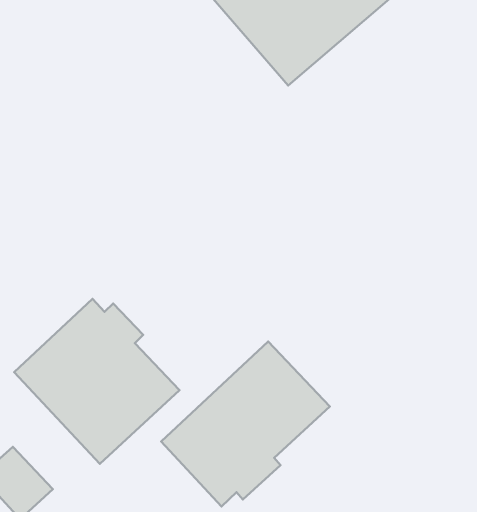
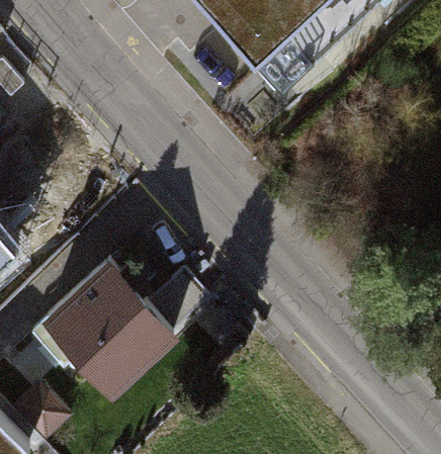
building: [161,342,330,506] -> none

